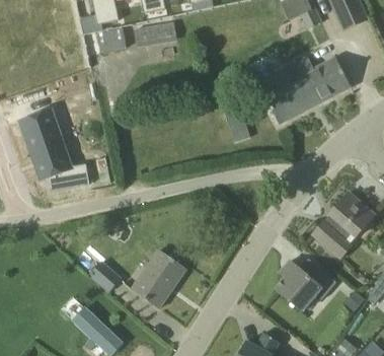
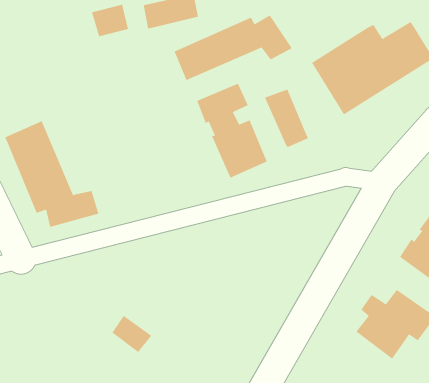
building: none -> [174,14,293,81]
building: none -> [196,83,267,178]
building: [131,236,190,308] -> none

